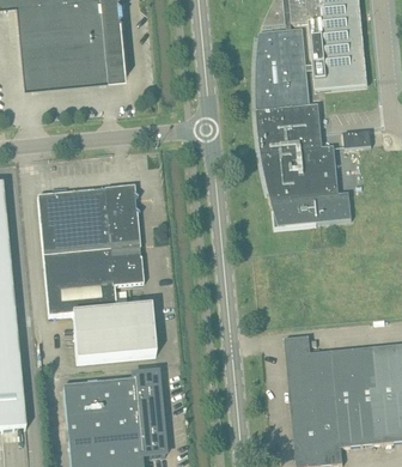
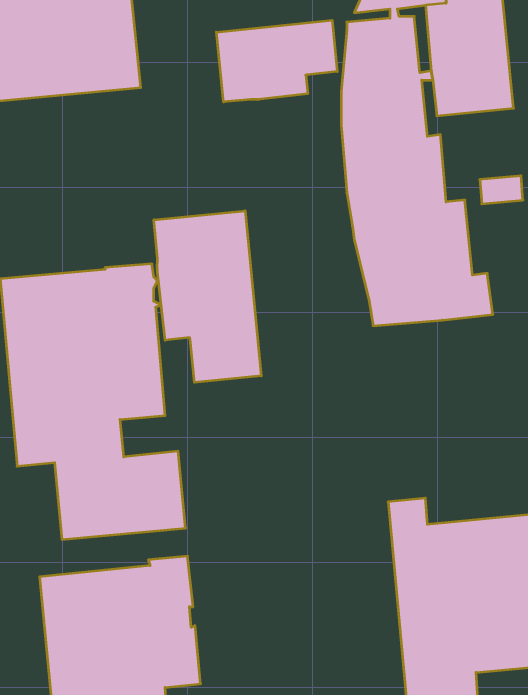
building: none -> [216,20,337,102]
building: none -> [154,211,261,382]

